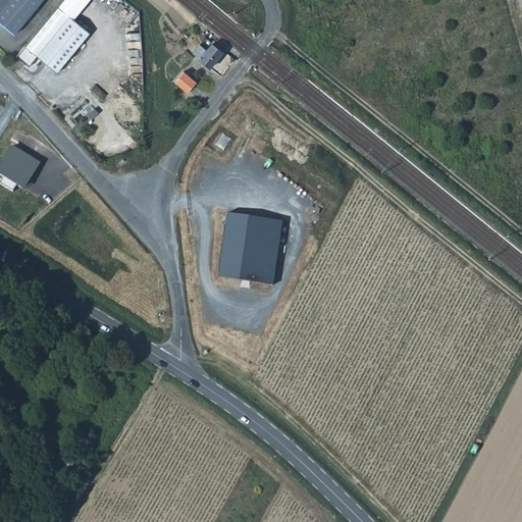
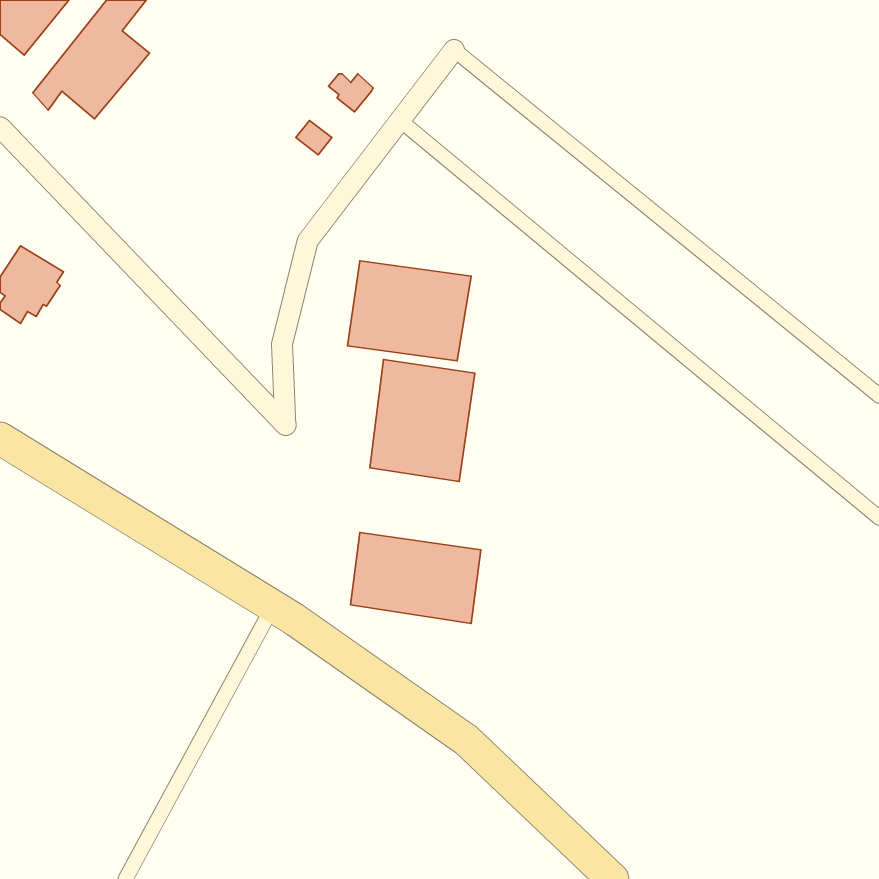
building: none -> [348,261,471,361]
building: none -> [351,533,481,623]

